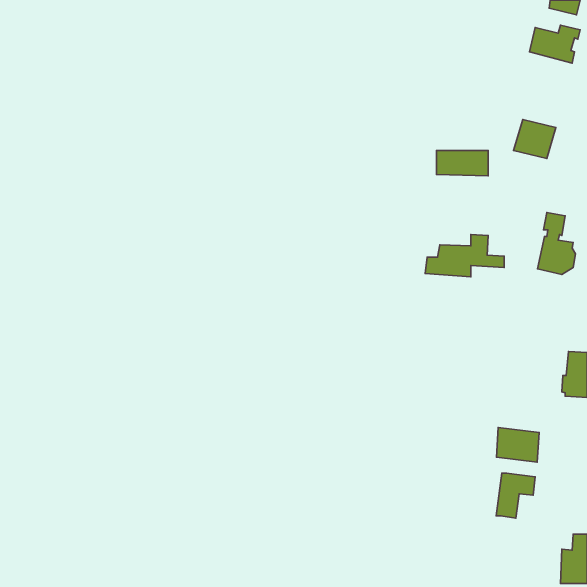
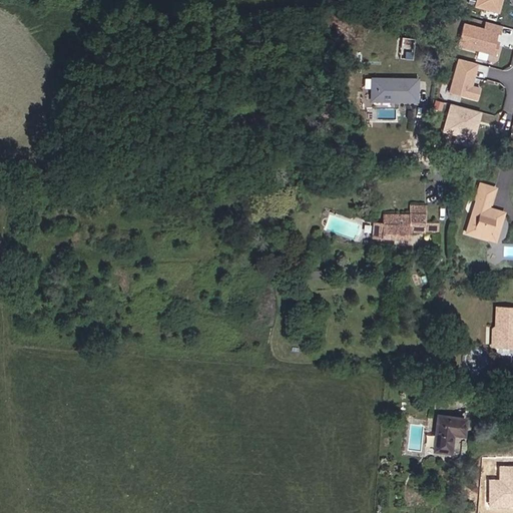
building: none -> [452,58,483,99]
building: [437,150,488,176] -> [372,80,417,102]
building: [497,427,539,462] -> none

